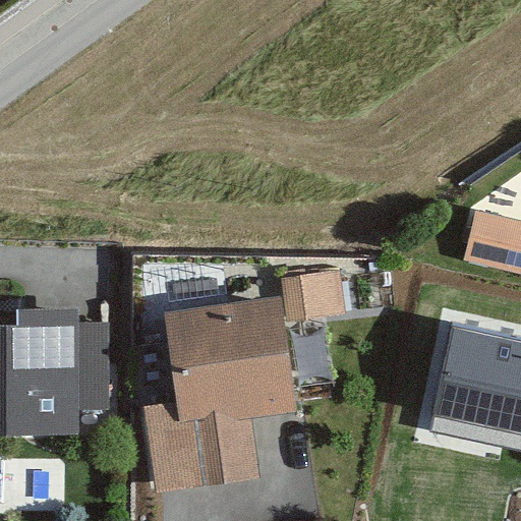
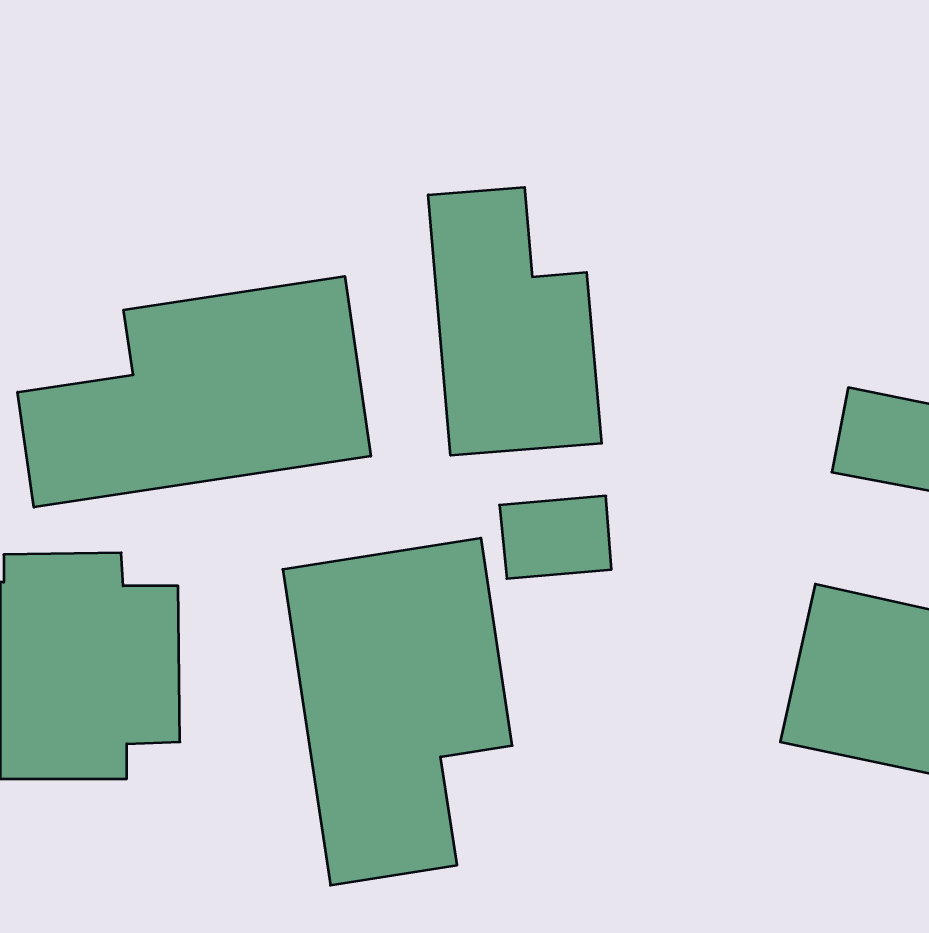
building: none -> [428,187,602,455]
building: none -> [18,276,371,507]

